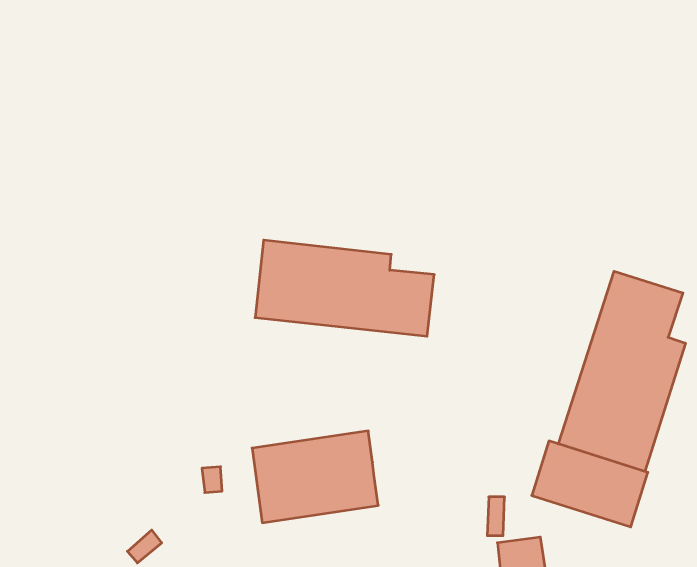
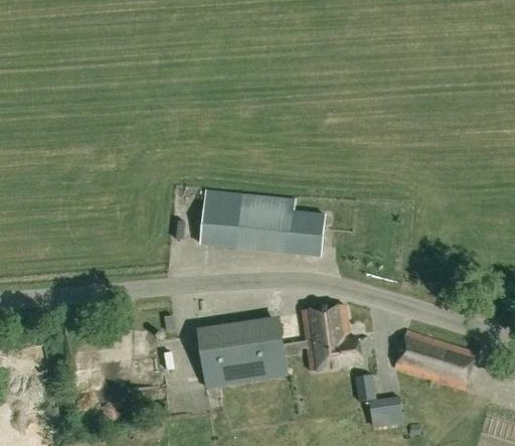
building: [558,271,685,471] -> none
building: none -> [282,304,360,370]

